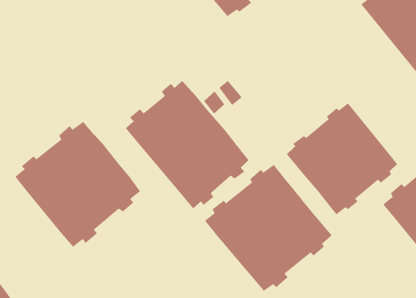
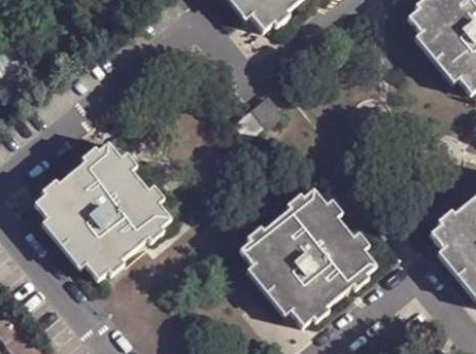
building: [125,80,249,209] -> none
building: [286,102,398,215] -> none

